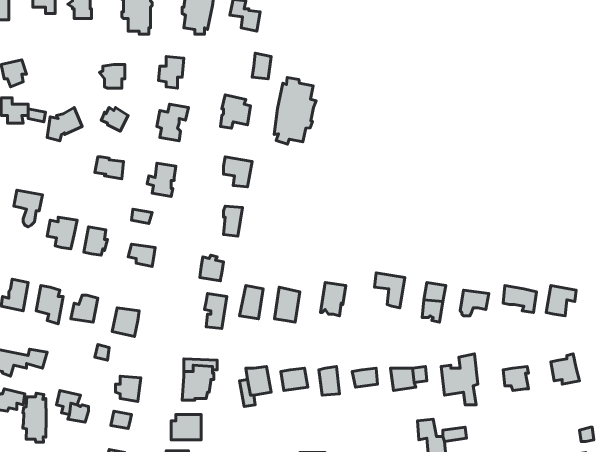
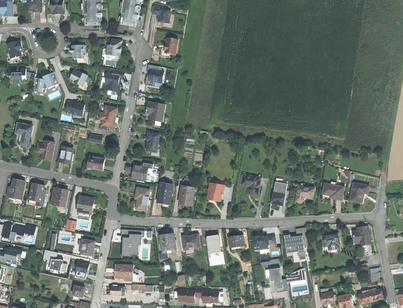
building: [274,77,316,144] -> none
building: [23,393,46,442] -> none

